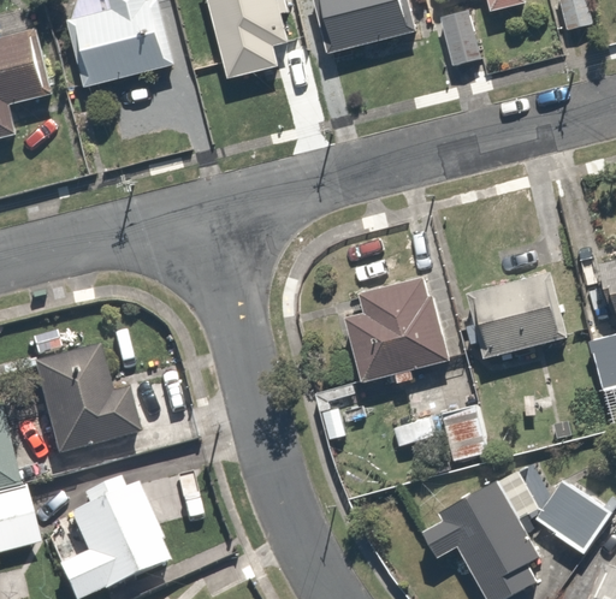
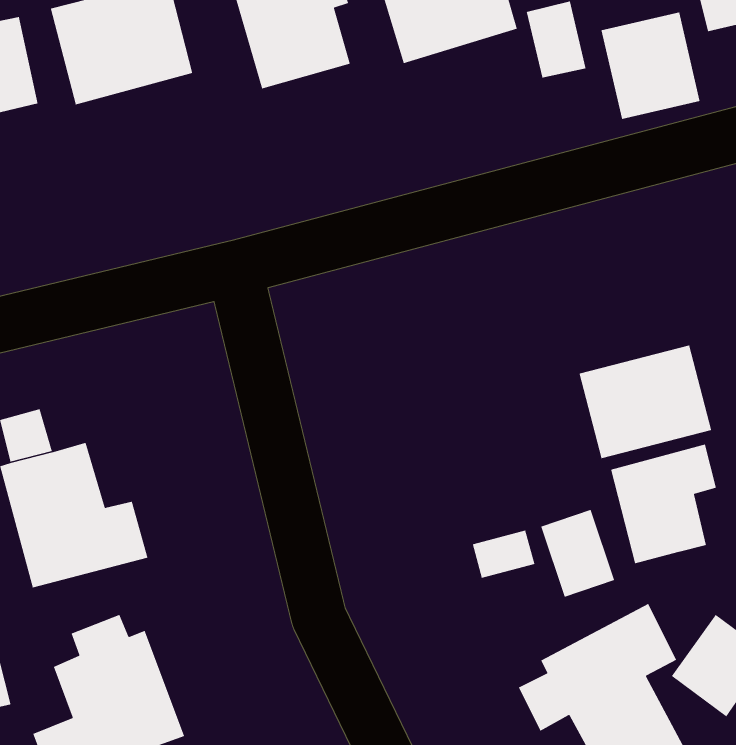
building: none -> [601,11,701,120]
building: [343,275,446,379] -> none
building: none -> [610,444,717,564]

